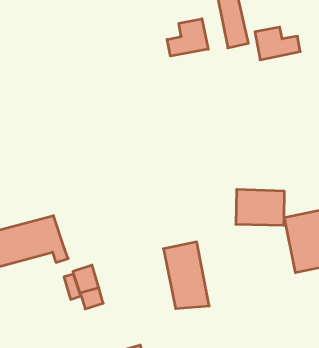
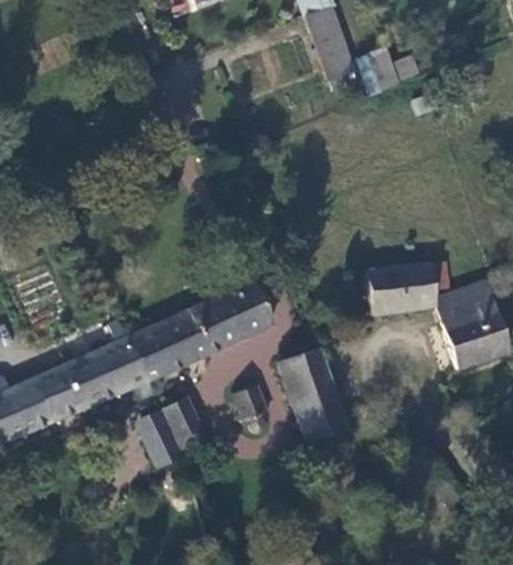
building: [167,19,208,56] -> none
building: none -> [126,279,272,381]
building: none -> [235,384,269,433]

